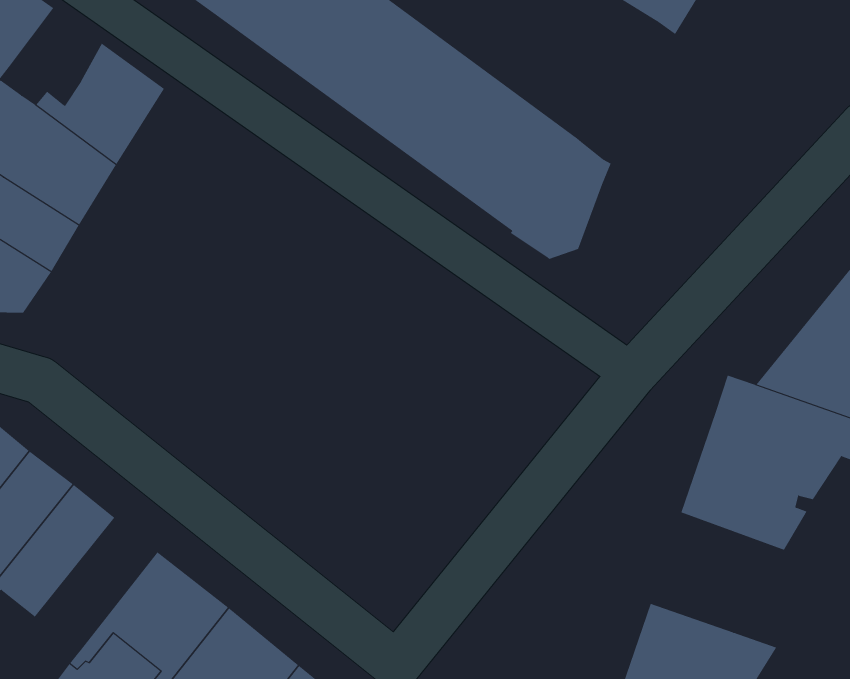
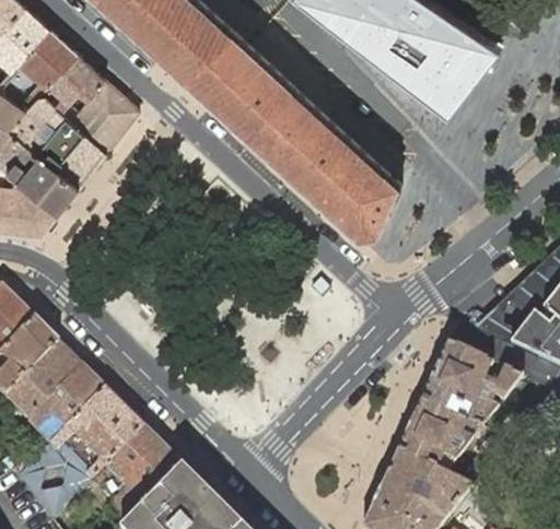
building: none -> [46,56,103,113]
building: none -> [396,400,480,475]
building: none -> [25,366,103,444]

